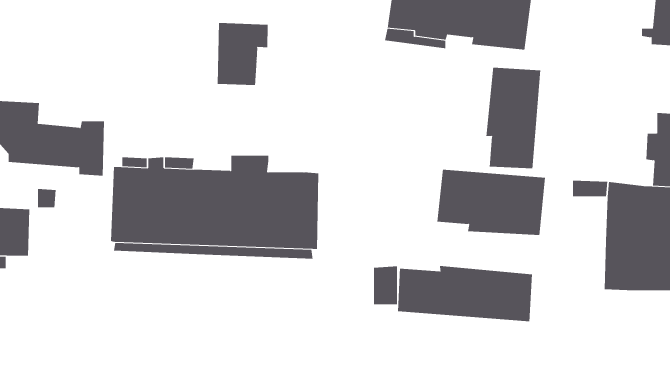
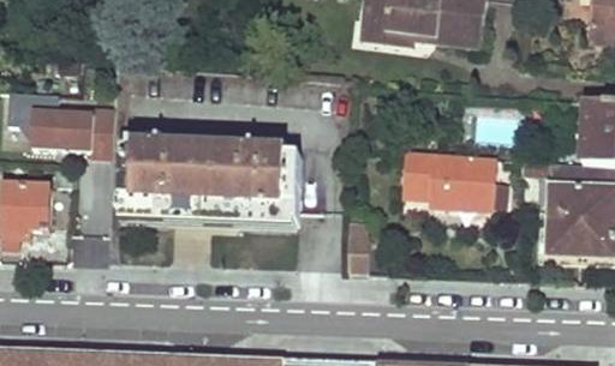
building: [217,22,268,86] -> none
building: [486,67,541,169] -> none
building: [398,265,532,322] -> none

